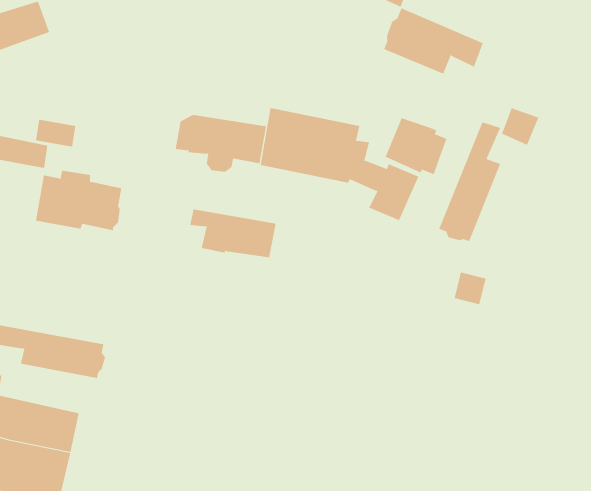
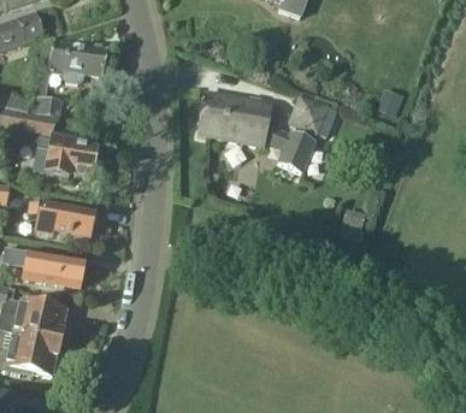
building: [384,7,483,74] -> none
building: [175,115,267,172] -> [42,40,110,82]
building: [438,122,501,242] -> none
building: [189,209,276,258] -> [31,201,95,237]

